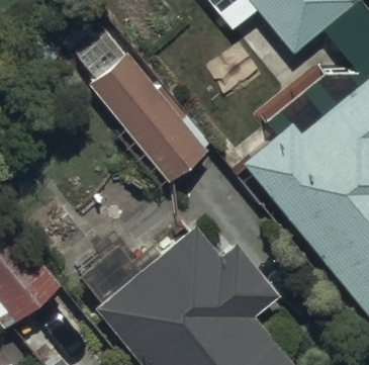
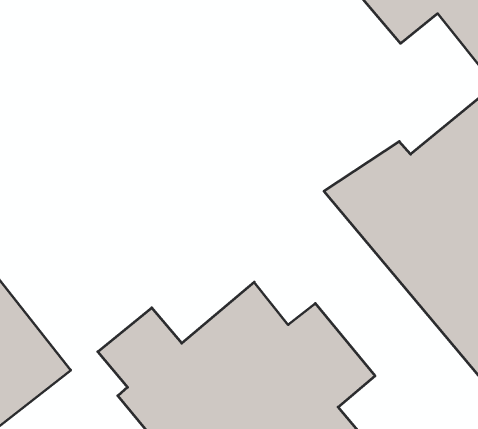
building: [80,39,209,189] -> none

